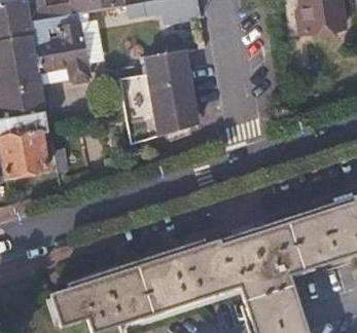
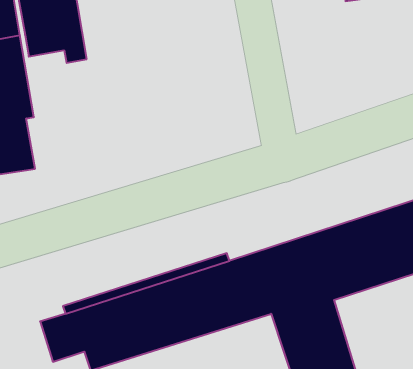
building: [118,49,194,141] -> none

